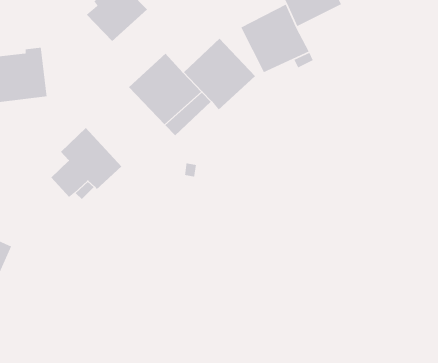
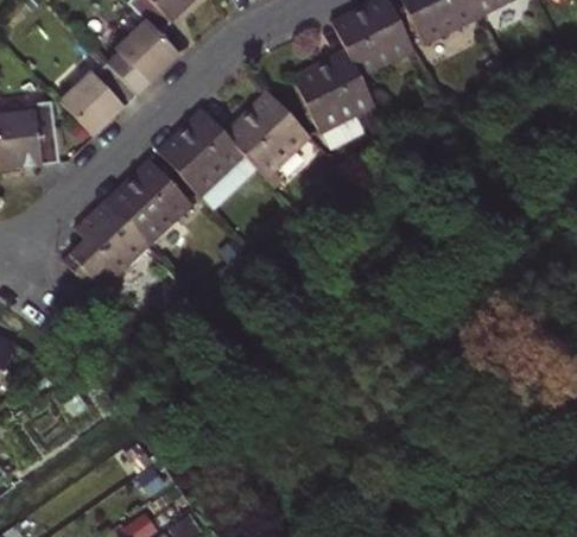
building: none -> [58,62,137,137]
building: none -> [104,158,192,246]

